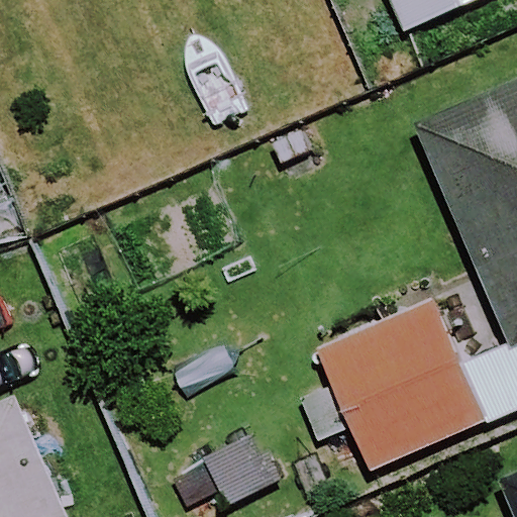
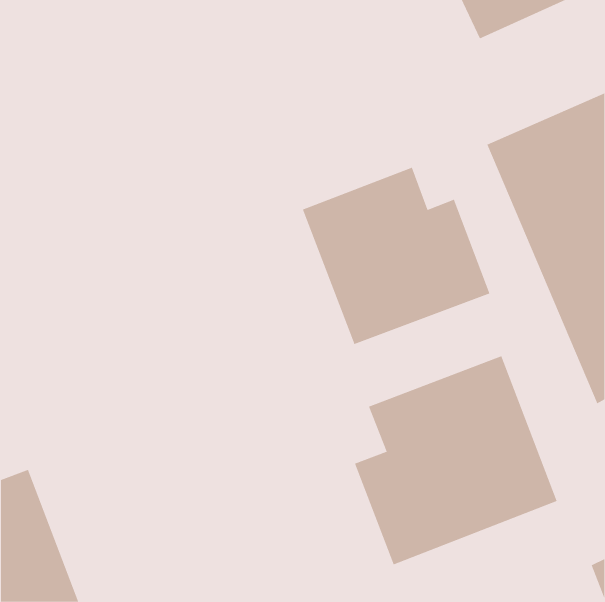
building: none -> [302,167,490,345]

